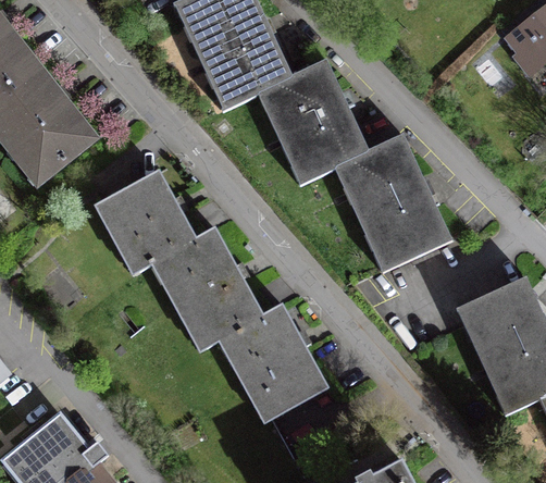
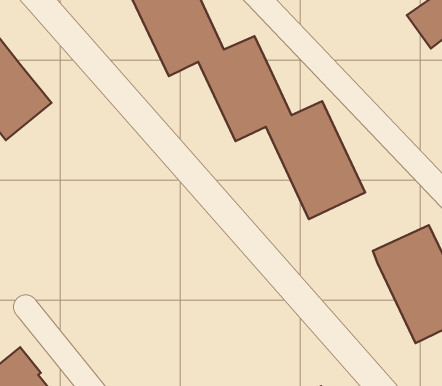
building: [100,172,327,421] -> none

